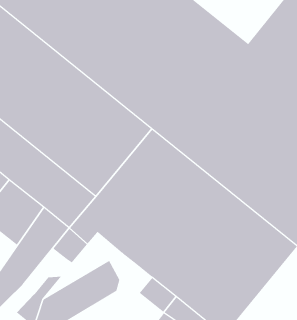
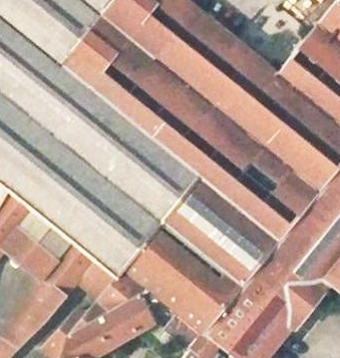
building: none -> [69,268,150,336]

